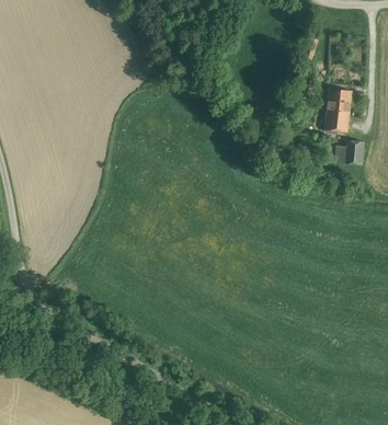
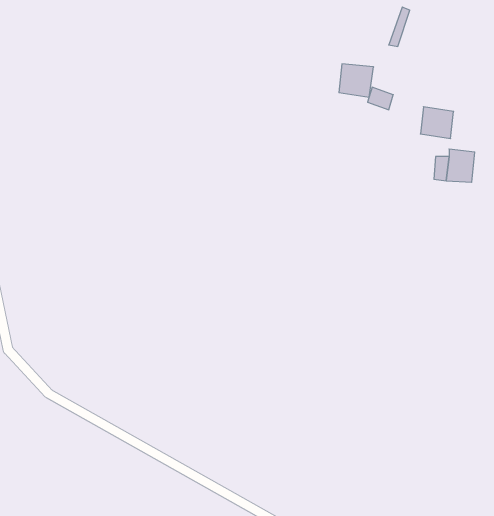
building: [329,87,354,111] -> [339,64,374,97]

